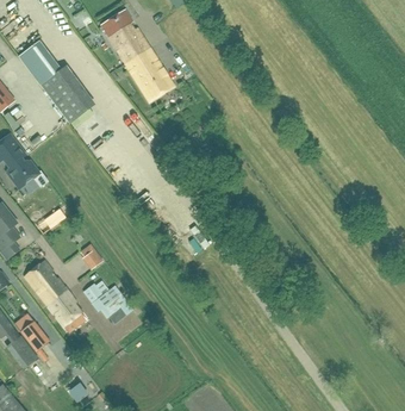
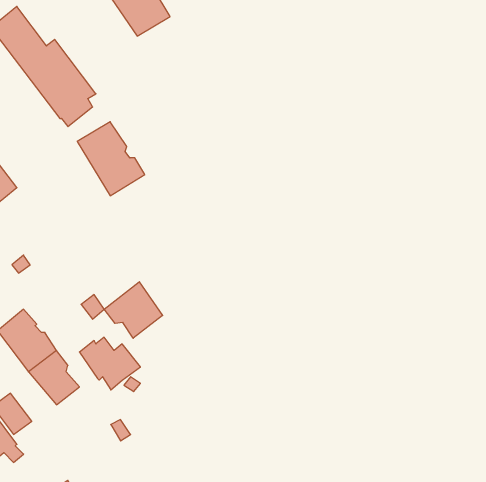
building: [125,48,174,101] -> [77,122,145,196]
building: none -> [104,282,163,338]

